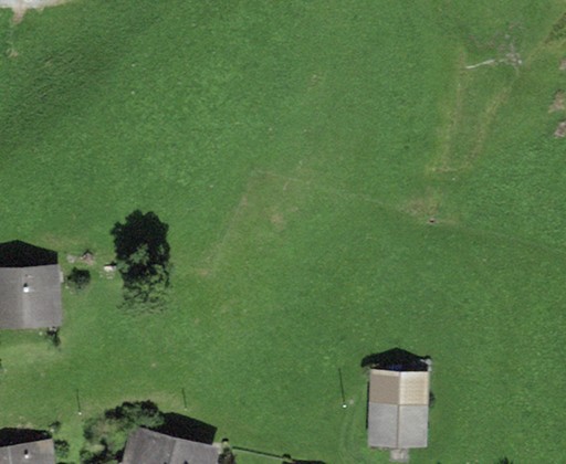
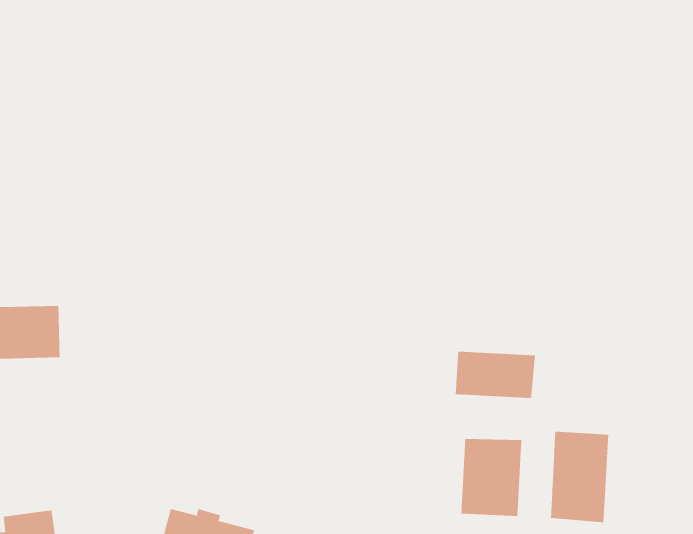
building: none -> [455,351,535,399]
building: none -> [550,431,609,523]

